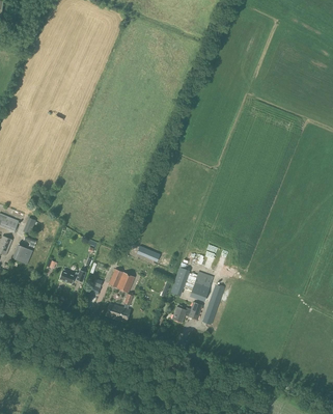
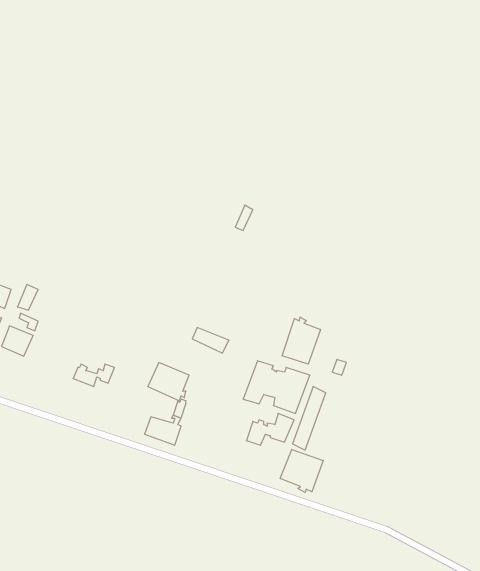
building: none -> [282,317,321,364]
building: none -> [280,449,323,492]

